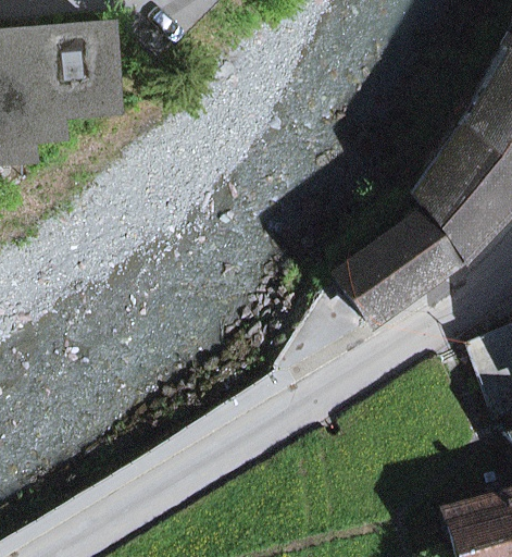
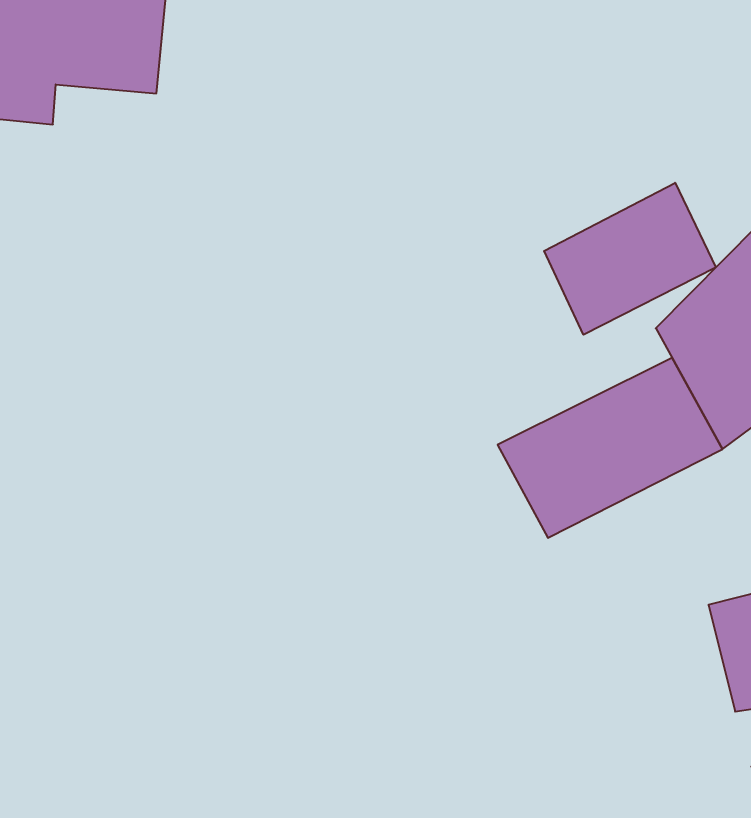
building: none -> [544,183,716,335]

